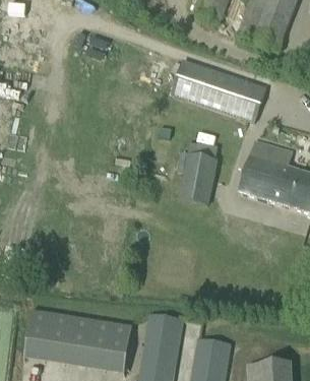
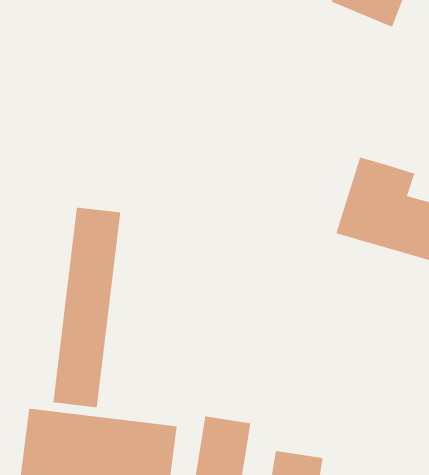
building: [172,58,266,122] -> none
building: [178,142,219,205] -> none
building: none -> [53,207,121,408]

